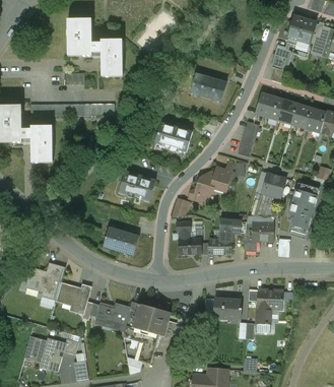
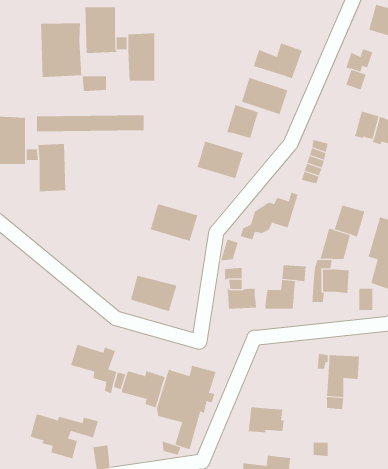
building: none -> [41,23,82,78]
building: none -> [253,43,303,79]
building: [255,93,282,118] -> none
building: none -> [227,104,258,139]
building: [25,262,65,295] -> none
building: [212,299,241,319] -> [248,407,284,433]

